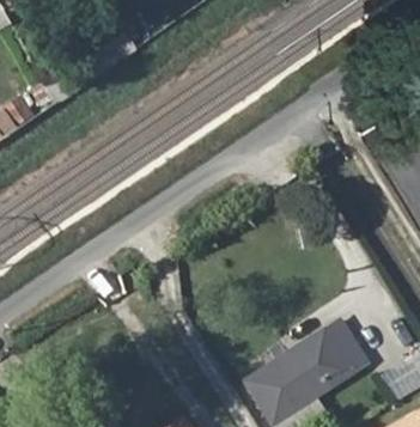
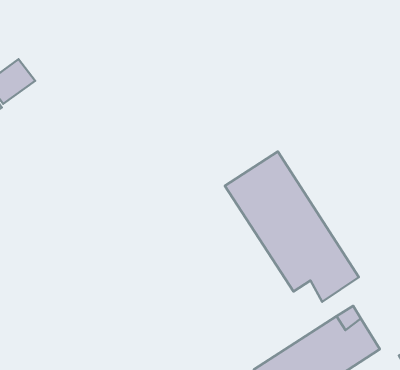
building: none -> [225,152,359,302]

